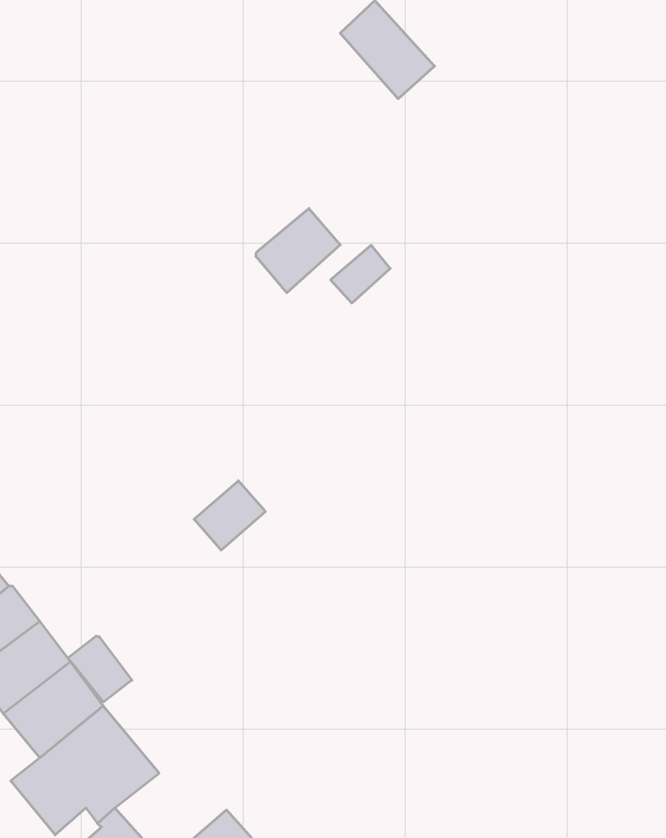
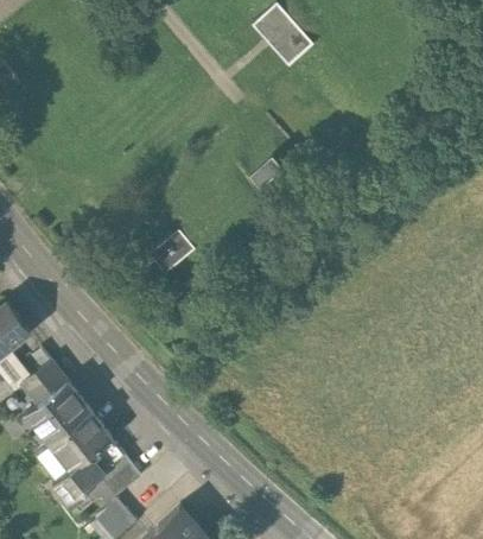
building: [256,208,340,293] -> none
building: [194,481,265,550] -> [150,230,193,273]
building: [68,636,132,702] -> none

